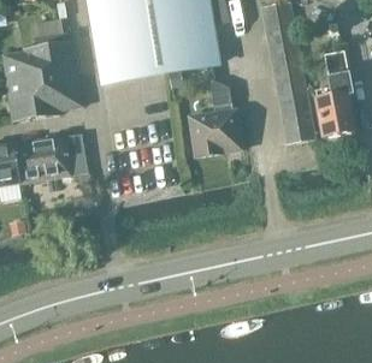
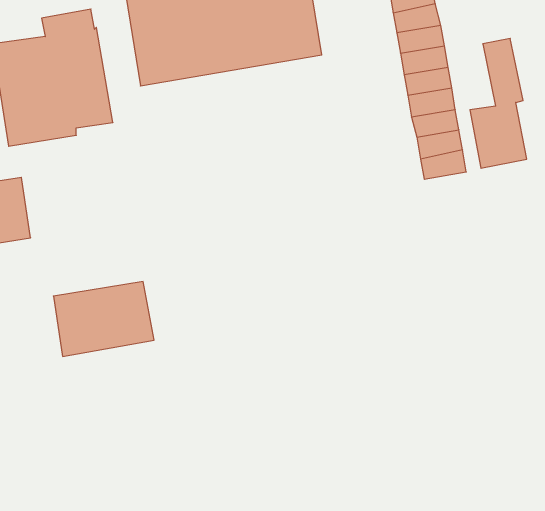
building: [188,81,240,156] -> none
building: [20,132,87,182] -> [53,282,154,356]

